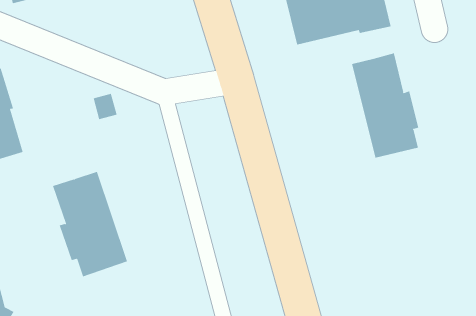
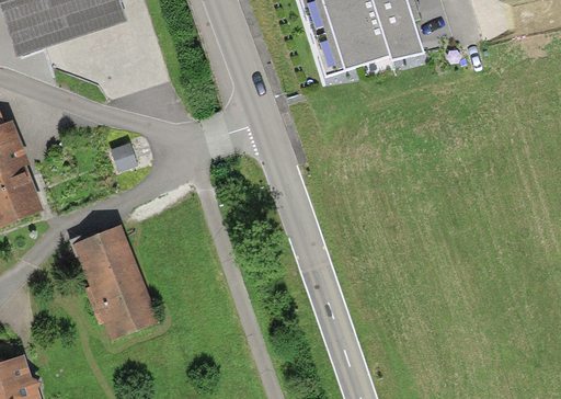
building: [351,52,419,158] -> none

